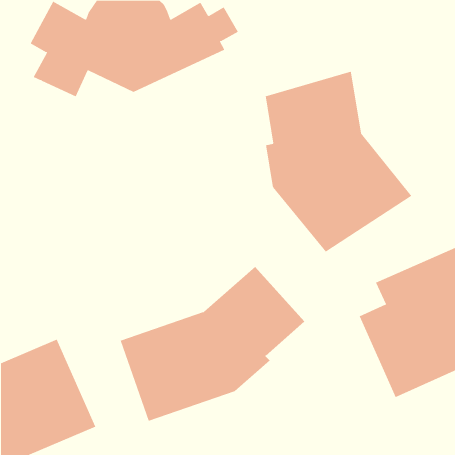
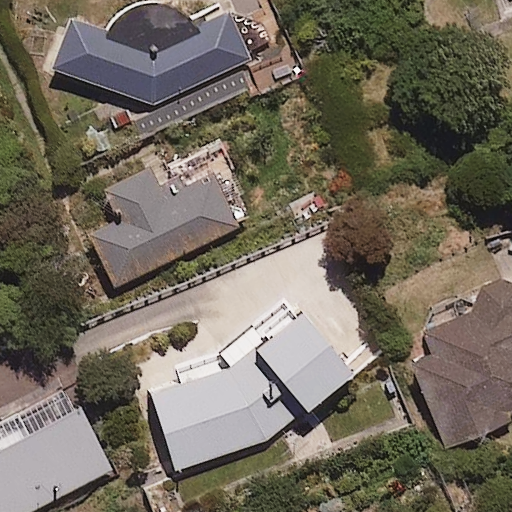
building: [265,71,412,253] -> none
building: none -> [89,160,244,292]

